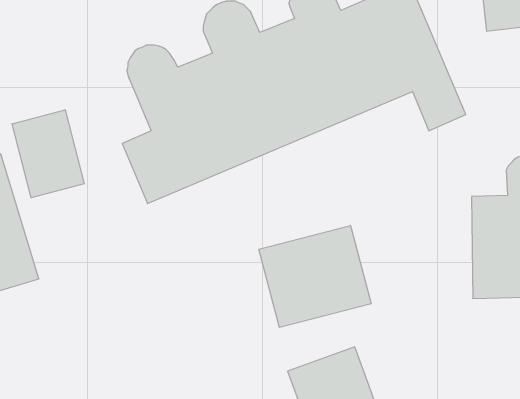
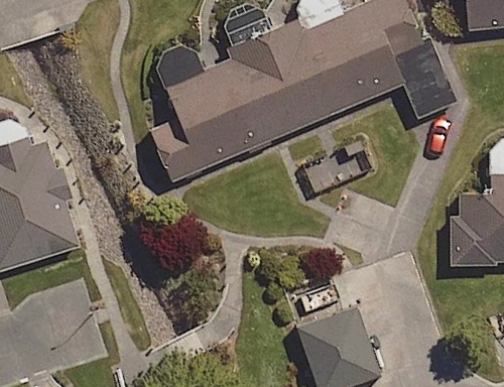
building: [12,110,84,198] -> none
building: [259,225,371,327] -> none

